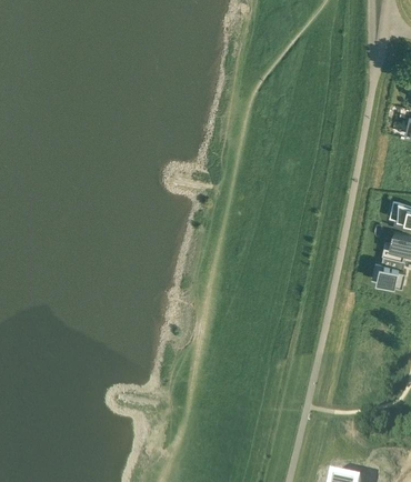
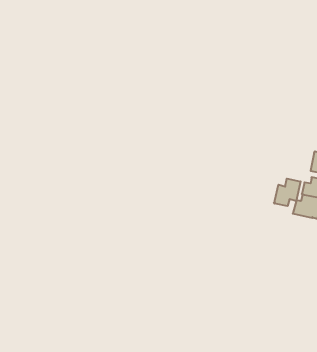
building: none -> [274,179,301,206]

